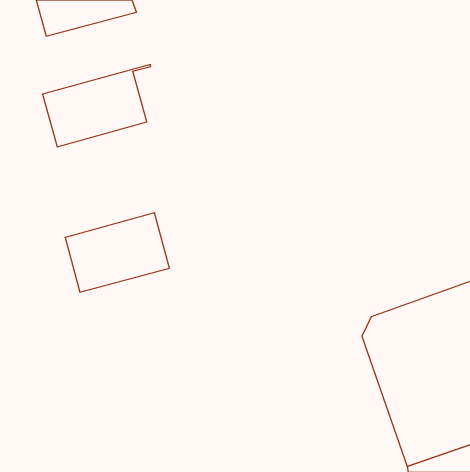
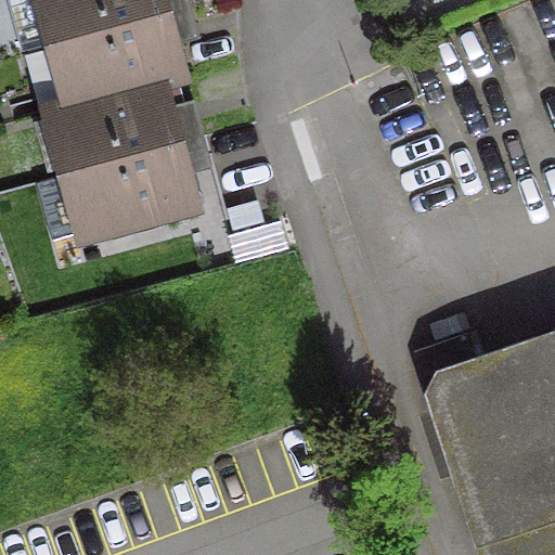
building: none -> [52,14,179,111]
building: [65,213,169,292] -> [69,143,192,236]

